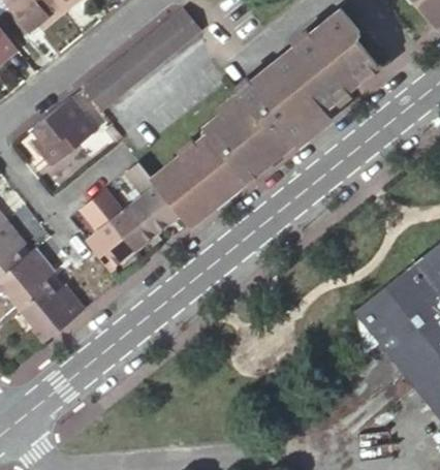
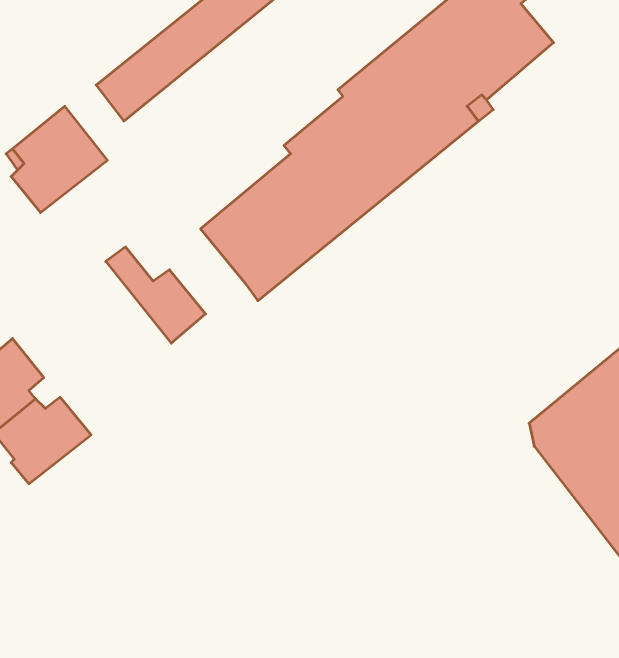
building: [125,163,181,233] -> none
building: [82,200,134,271] -> none

